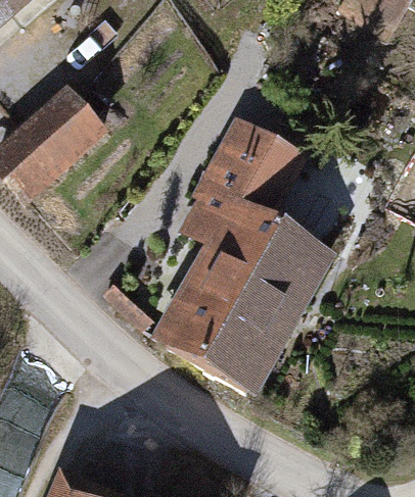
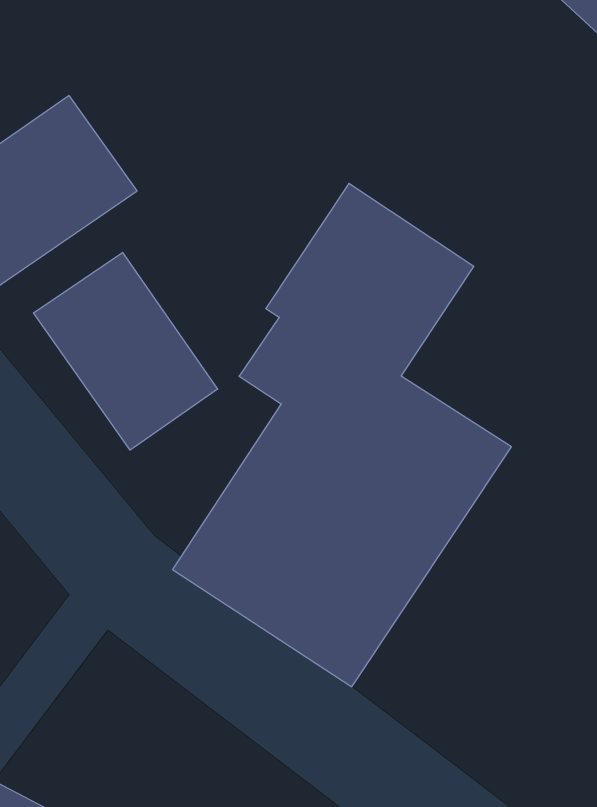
building: none -> [33,252,218,450]

